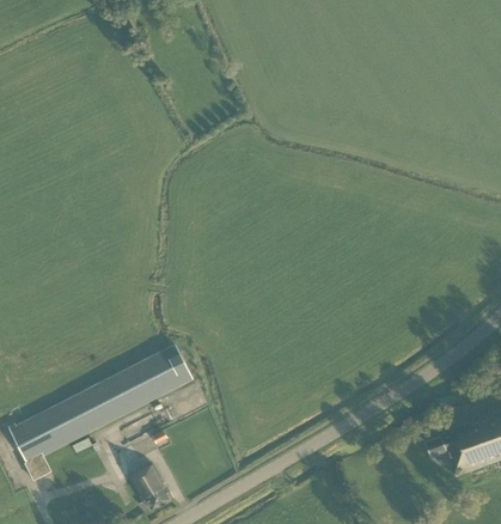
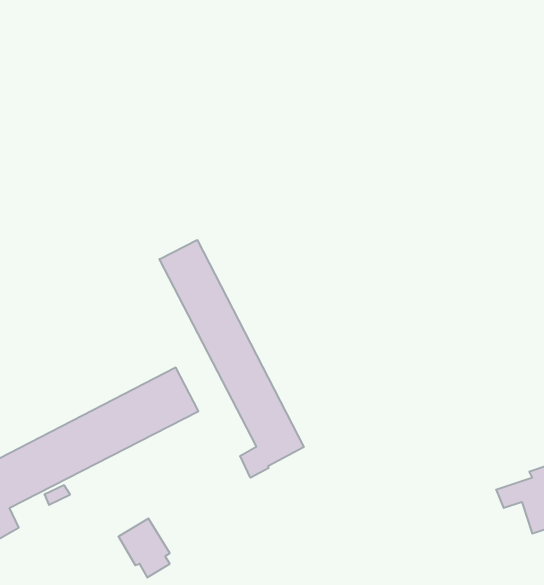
building: none -> [159,240,304,478]

